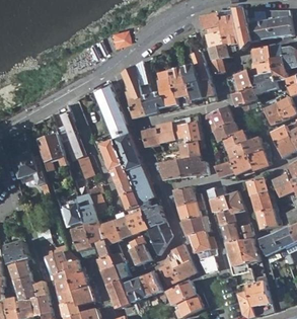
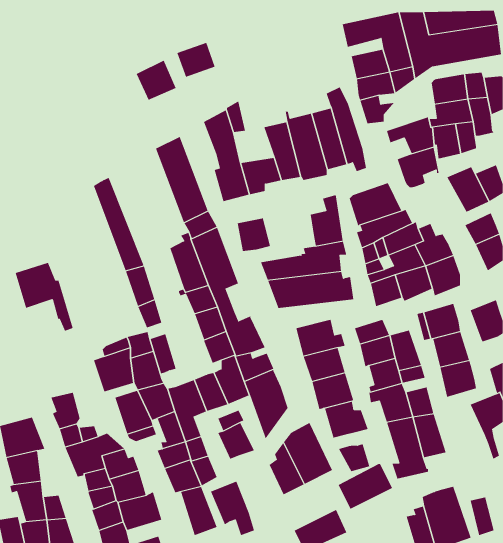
building: [155,123,183,144] -> none
building: [38,133,67,174] -> none
building: [258,234,283,262] -> none
building: [140,272,160,306] -> none
building: [165,280,197,306] -> [338,463,393,510]

